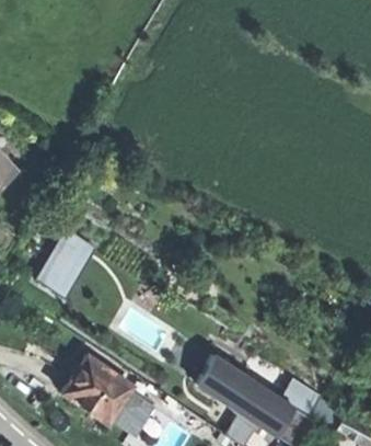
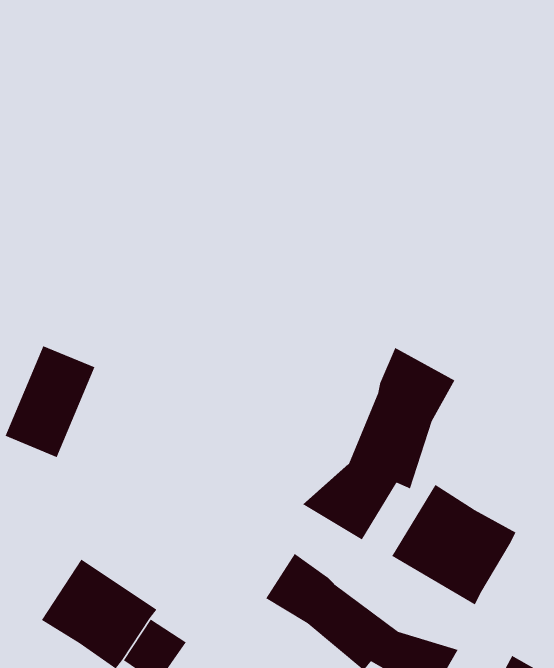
building: none -> [302,347,456,540]
building: none -> [391,484,516,605]

